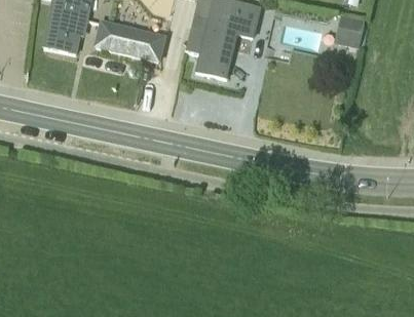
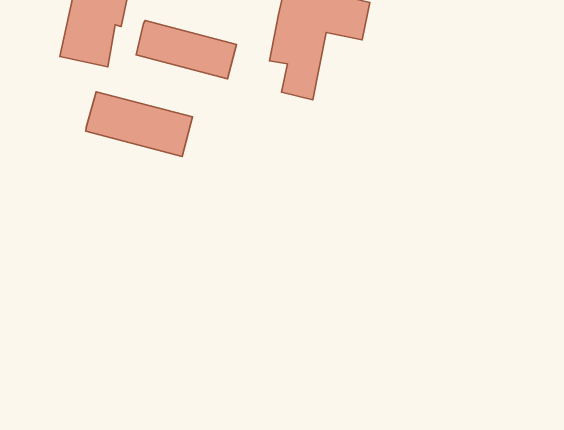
building: [335,13,366,47] -> none
building: none -> [86,92,193,157]

